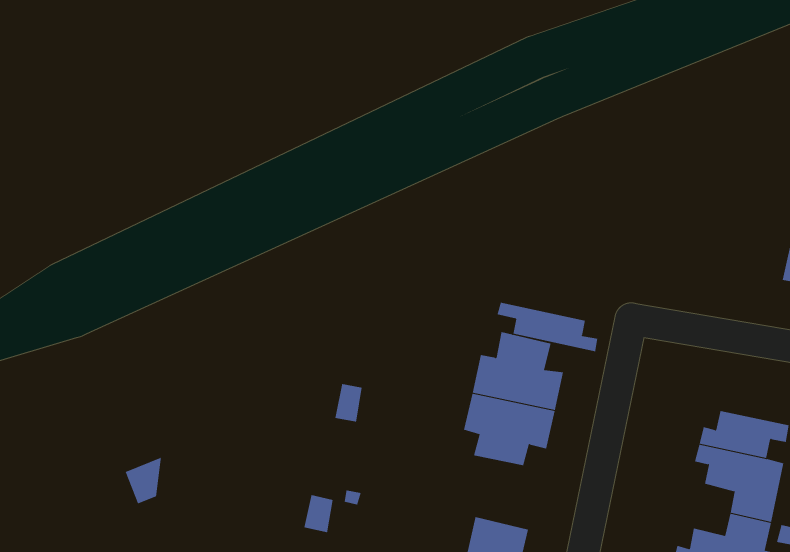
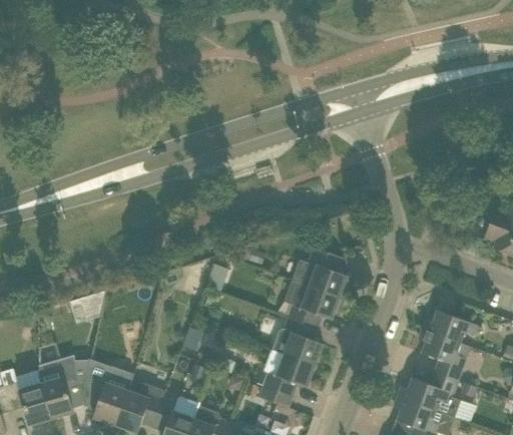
building: [497,302,598,352] -> none
building: none -> [272,318,323,366]

